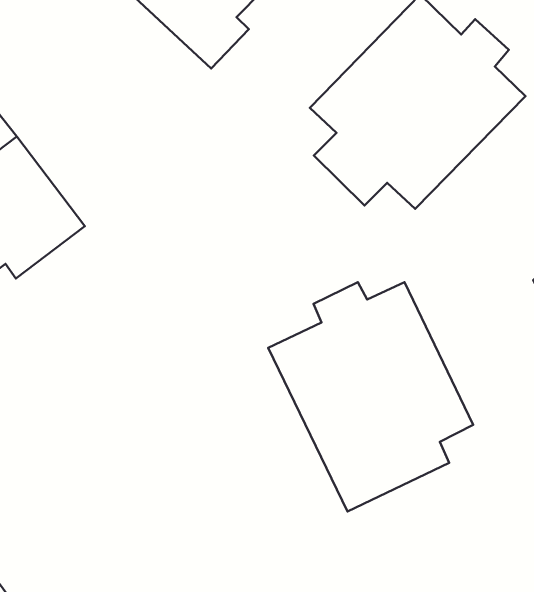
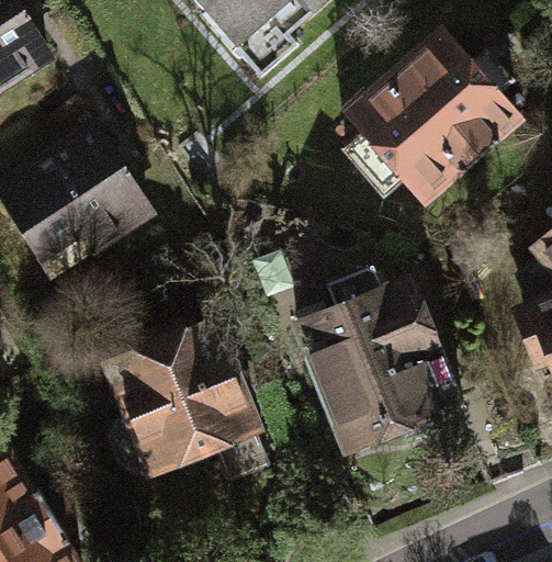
building: none -> [100,322,264,482]

